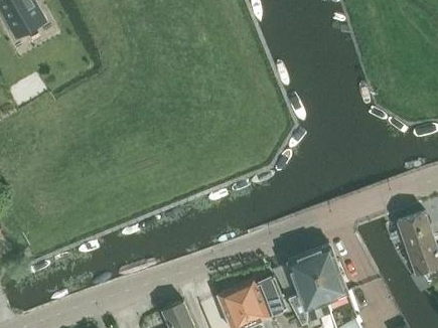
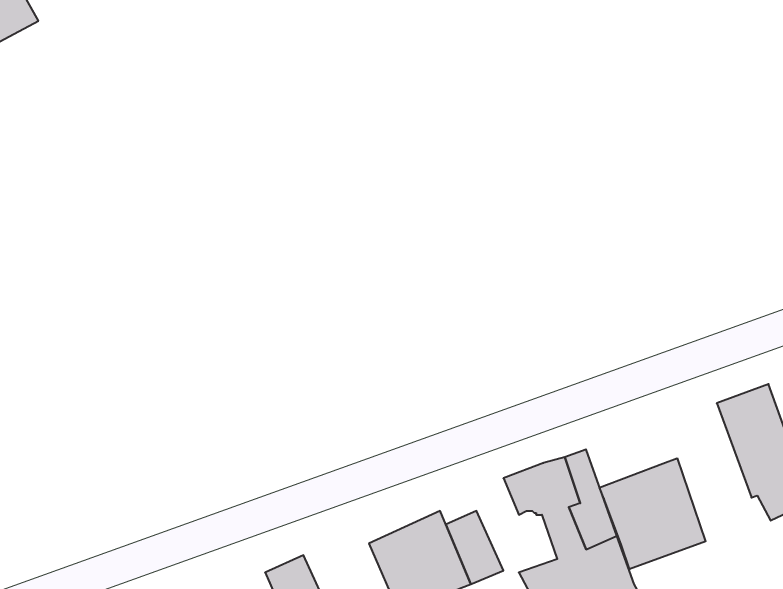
building: none -> [600,458,706,569]
building: [287,279,315,311] -> none

